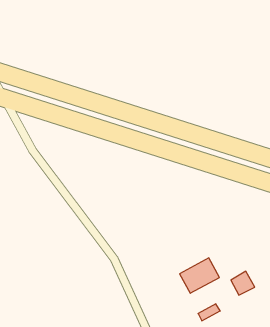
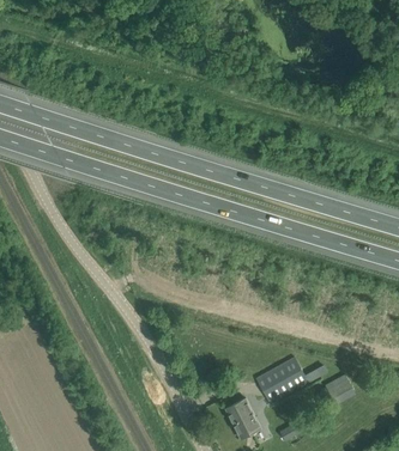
building: none -> [225,398,260,438]

